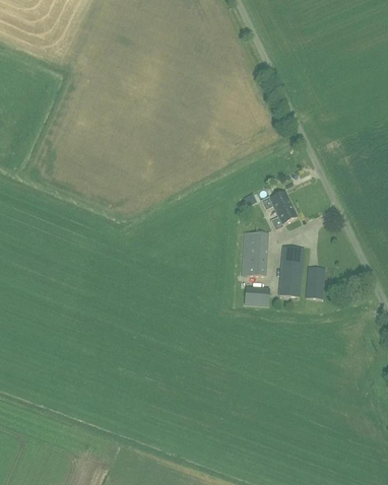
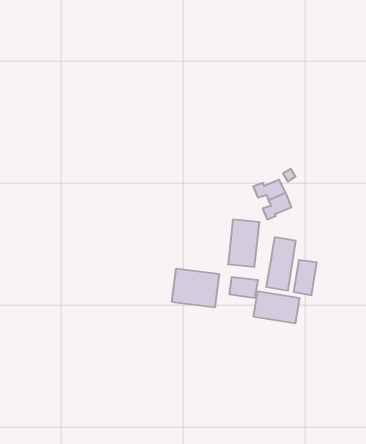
building: none -> [172,269,219,307]
building: none -> [254,291,299,323]

